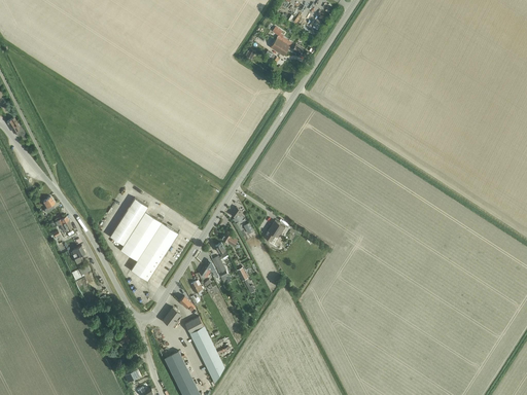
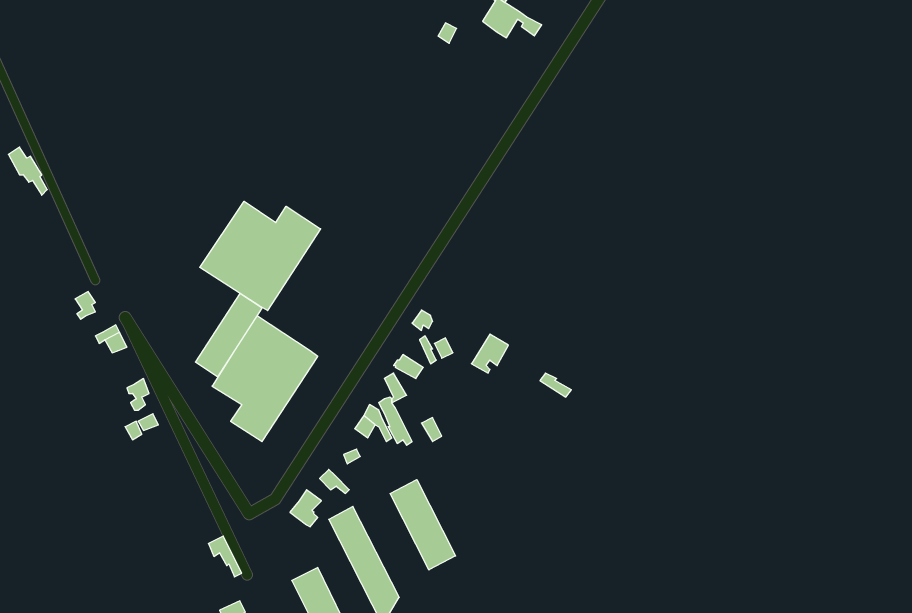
building: none -> [200,201,321,311]
building: none -> [390,480,456,570]

